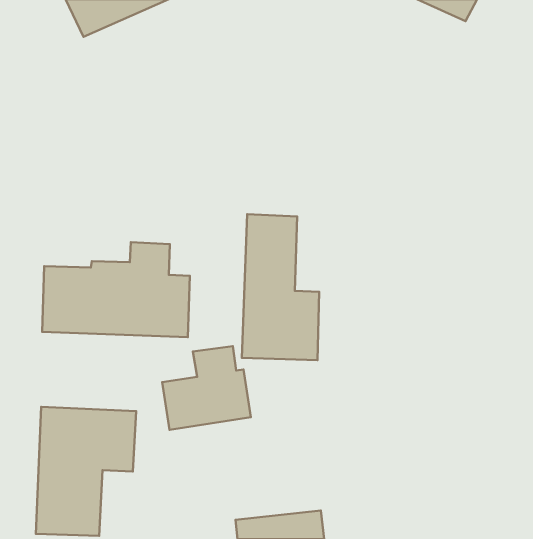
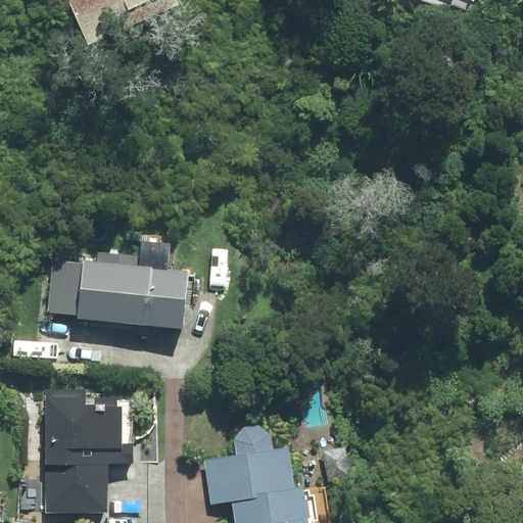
building: [242,214,319,360] -> none
building: [162,346,251,430] -> [203,424,289,505]

